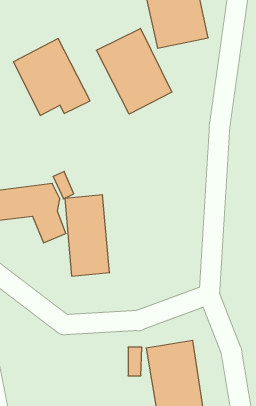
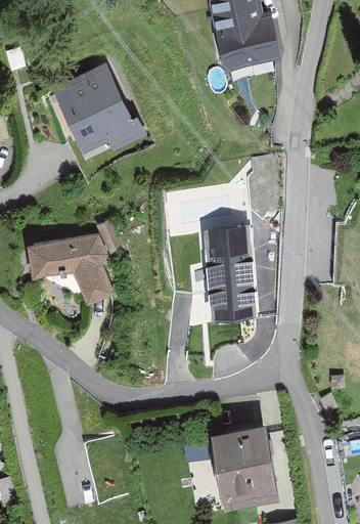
building: [96,28,172,114] -> none
building: [65,195,110,276] -> [201,230,255,326]

